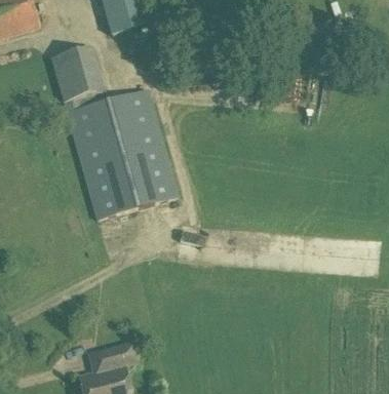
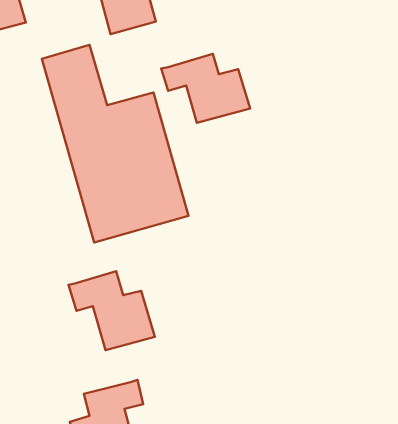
building: none -> [161,54,250,123]
building: none -> [68,271,155,350]

